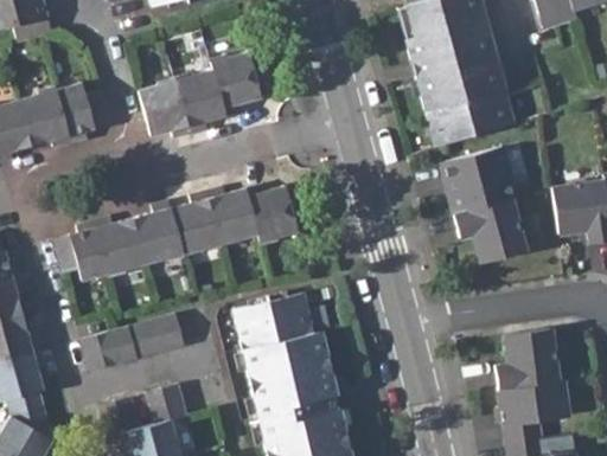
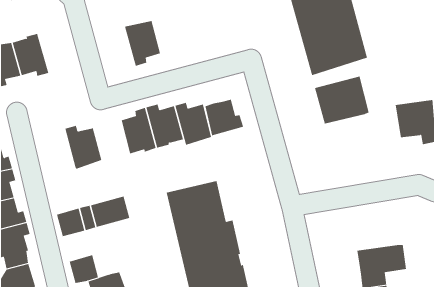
building: [210,52,261,116] -> none
building: [138,78,190,139] -> none
building: [55,83,110,143] -> none
building: none -> [205,99,244,136]
building: [453,200,524,263] -> none
building: [132,201,181,264] -> none
building: [51,220,106,281] -> none
building: [494,329,557,390] -> none
building: [145,384,186,423] -> none

